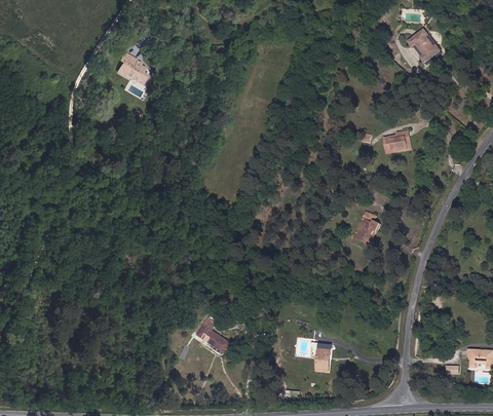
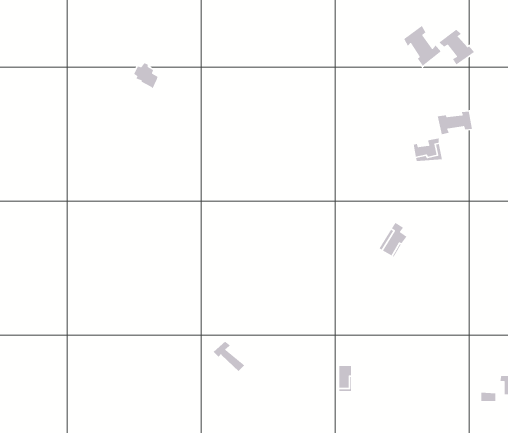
building: none -> [403,25,442,67]
building: none -> [437,111,473,135]

